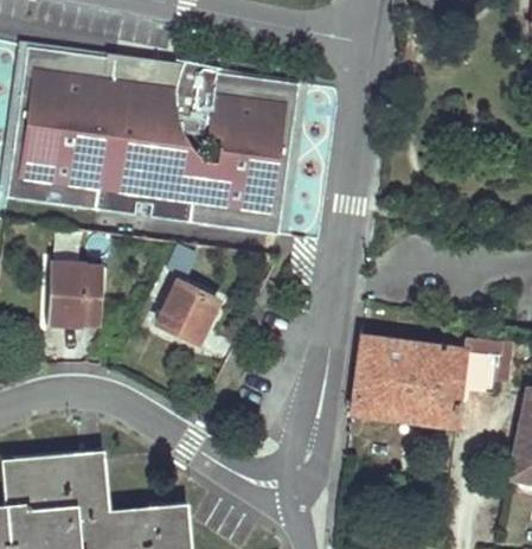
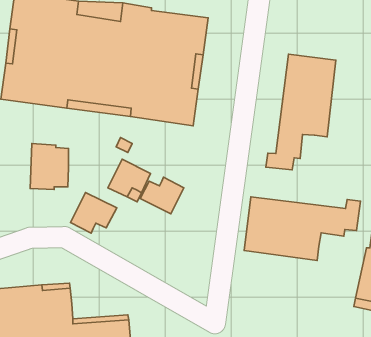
building: none -> [266,54,336,170]
building: none -> [140,177,184,214]
building: none -> [71,192,117,233]

